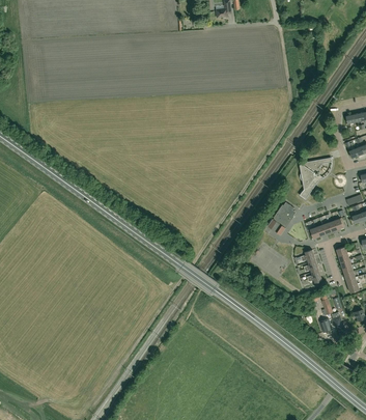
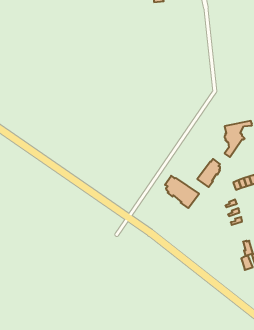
building: none -> [165,176,199,208]

